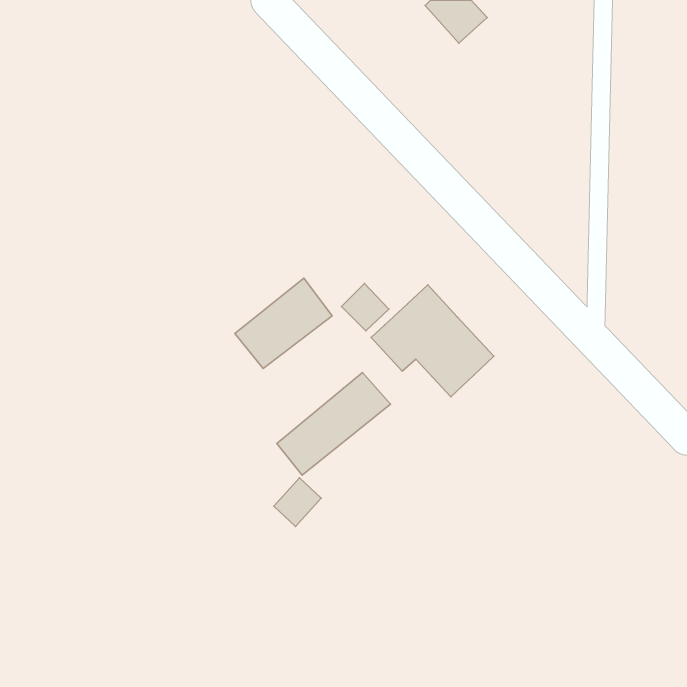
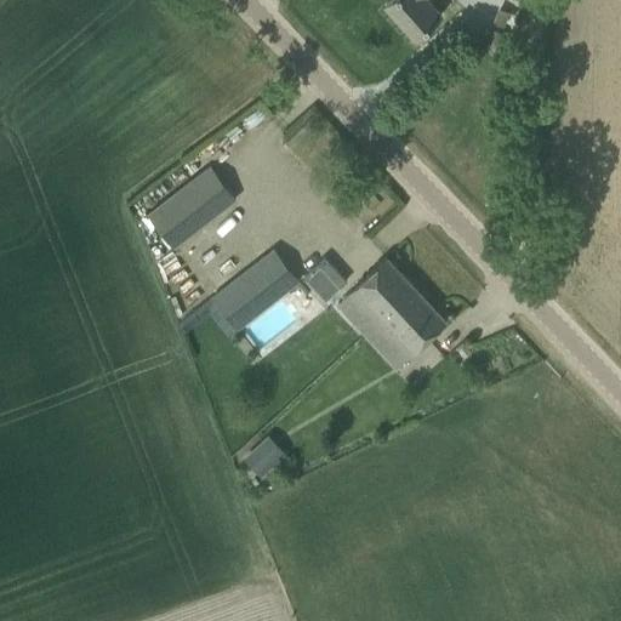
building: none -> [146,169,234,251]
building: [277,372,390,475] -> none

